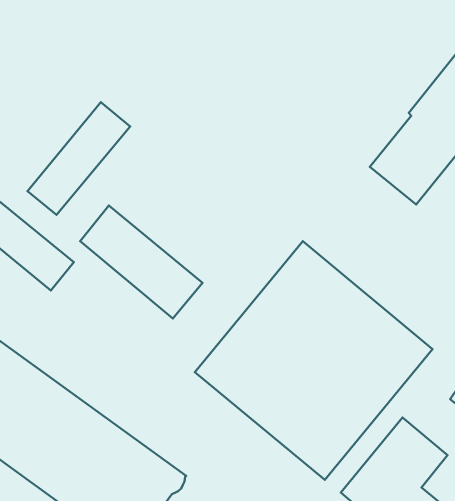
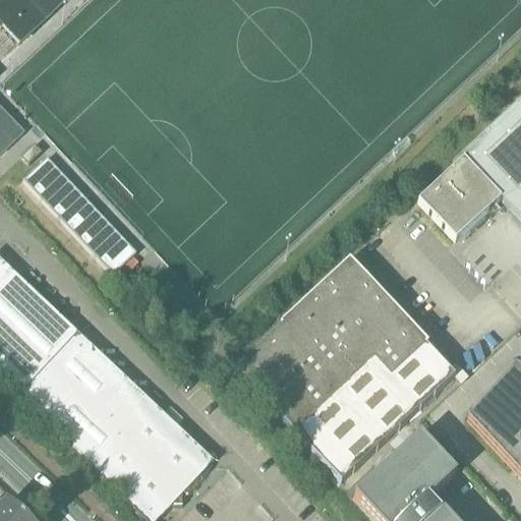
building: [27,102,130,215] -> none
building: [80,206,203,319] -> none

